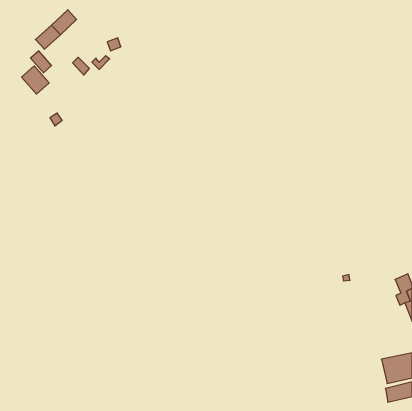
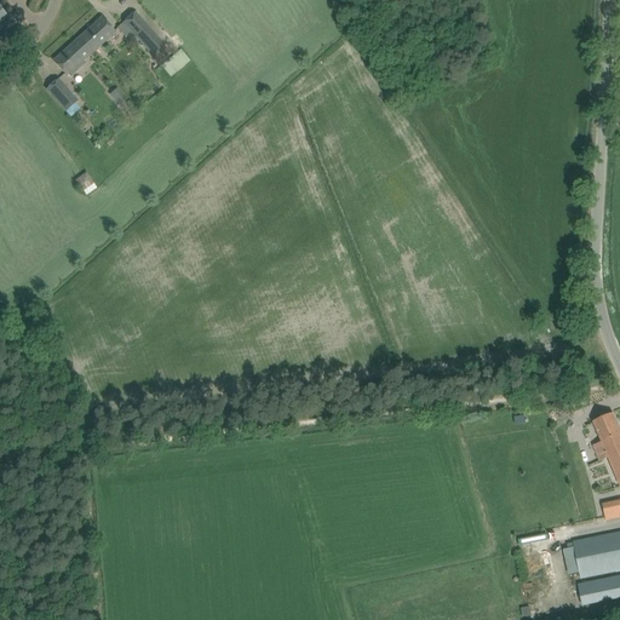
building: none -> [116,10,165,53]
building: [22,66,49,94] -> none

